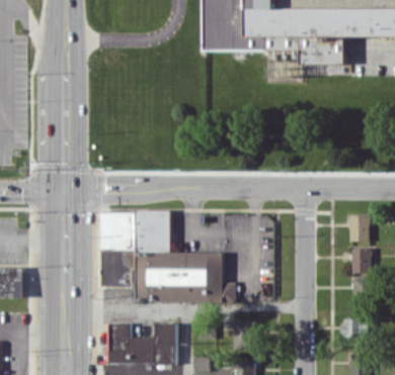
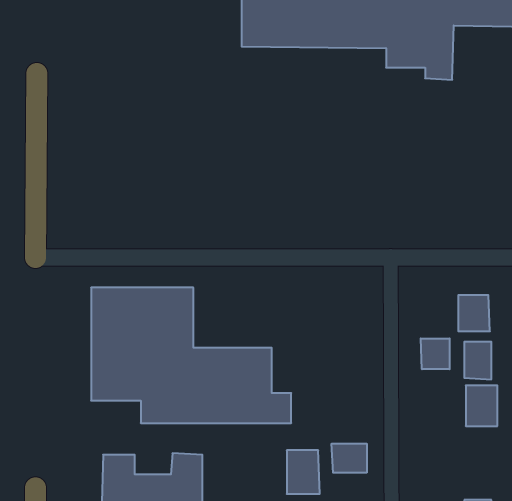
building: none -> [421,338,450,369]
building: none -> [332,444,367,473]
building: [342,318,369,337] -> none

